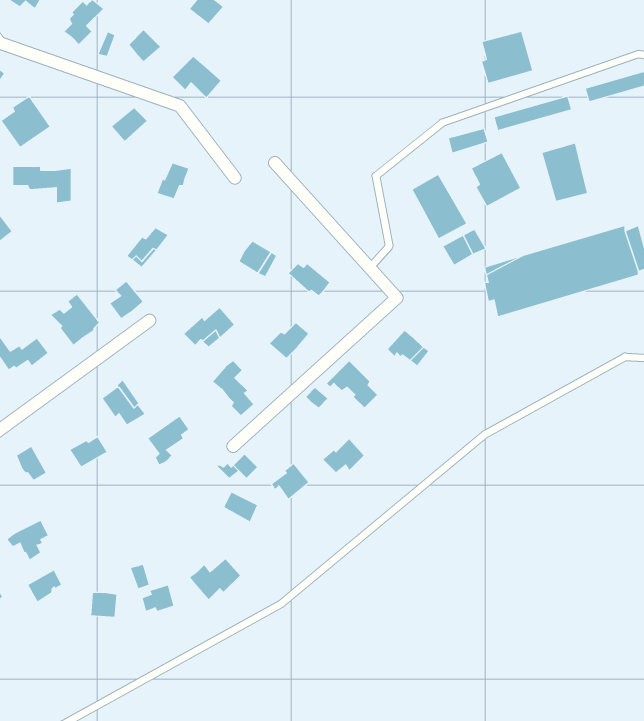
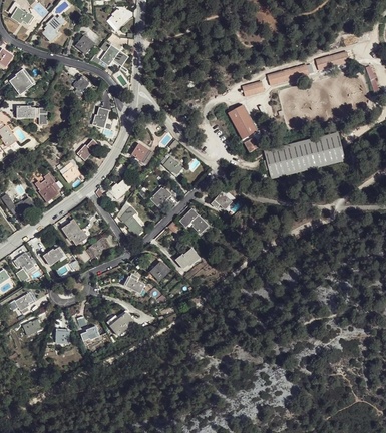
building: [482,31,533,84] -> none
building: [542,143,587,202] -> none
building: [471,152,521,206] -> none

